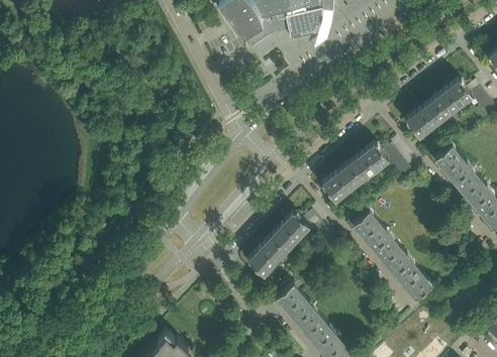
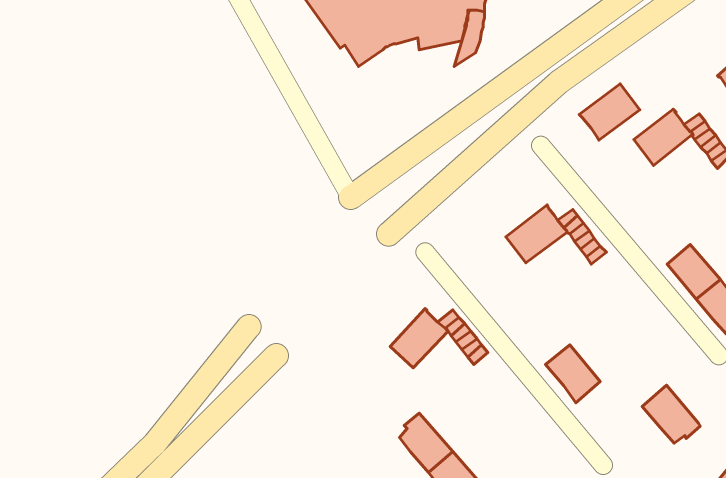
building: [404,100,444,137] -> [579,84,640,140]
building: [433,143,469,183] -> none
building: [321,164,360,202] -> none
building: [352,209,389,249] -> none
building: [246,237,285,275] -> none
building: [393,260,431,299] -> [642,385,700,443]

